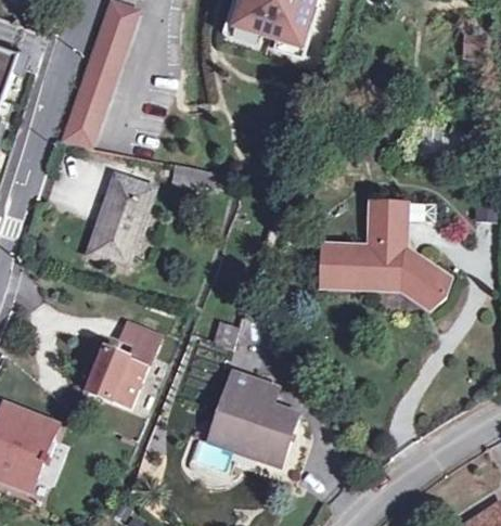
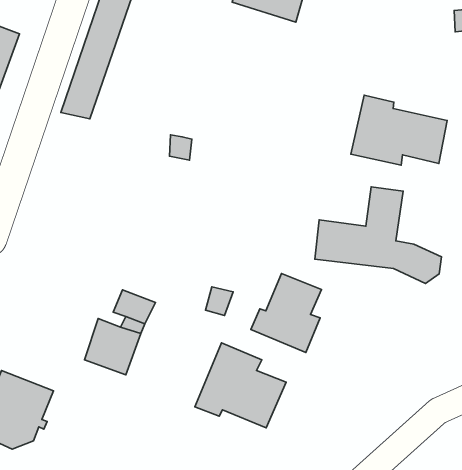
building: none -> [351,95,447,165]
building: [81,174,145,265] -> none
building: none -> [251,274,321,352]

